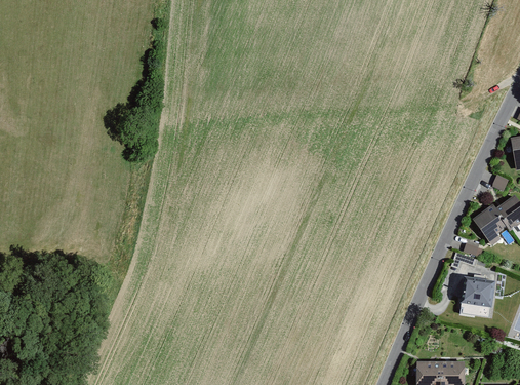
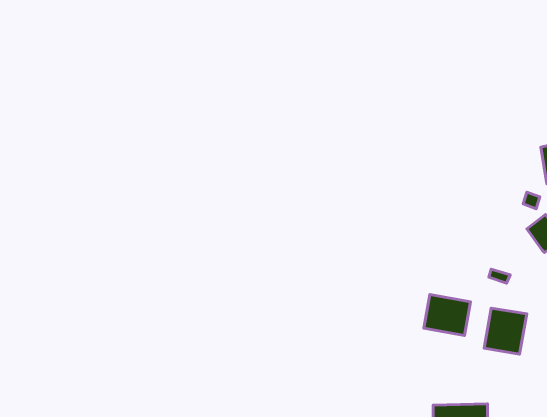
building: [473,204,511,245] -> none
building: none -> [424,294,470,336]

